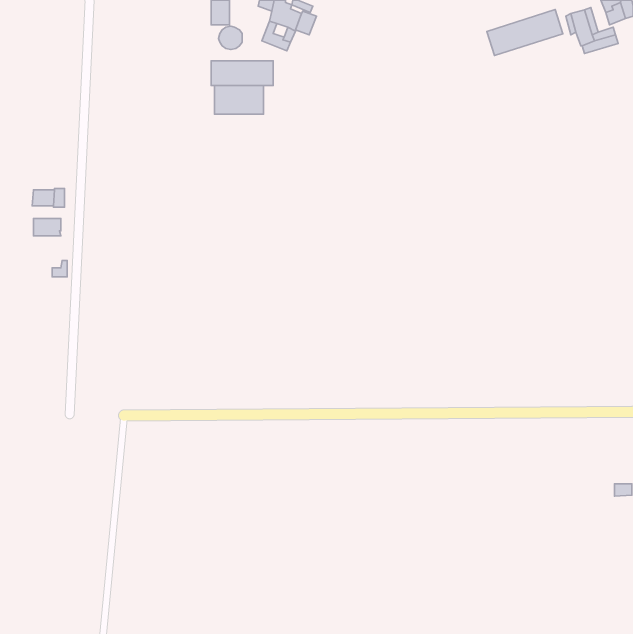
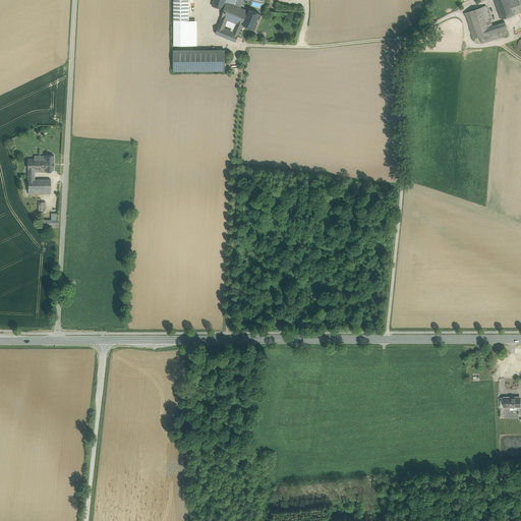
building: [487,10,563,56] -> none
building: [215,86,263,114] -> none

